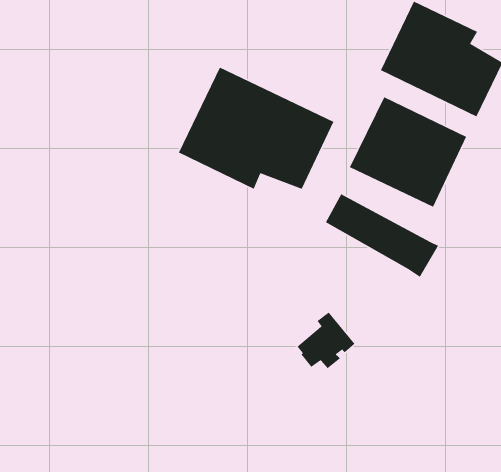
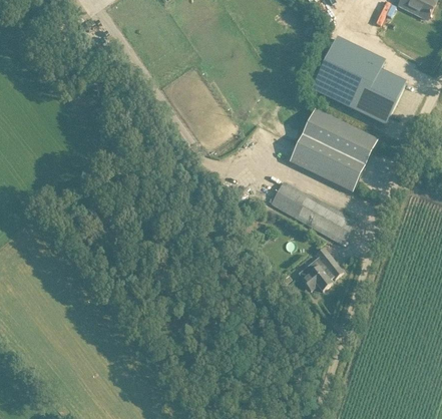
building: [178,67,335,190] -> none
building: [296,311,356,369] -> [299,247,343,290]

